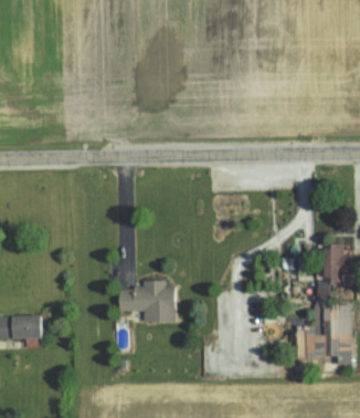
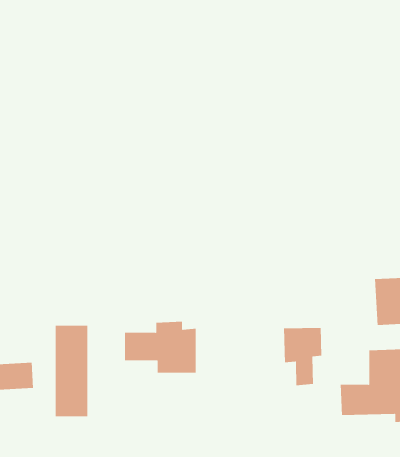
building: none -> [55,325,88,417]
building: none -> [284,327,322,386]

